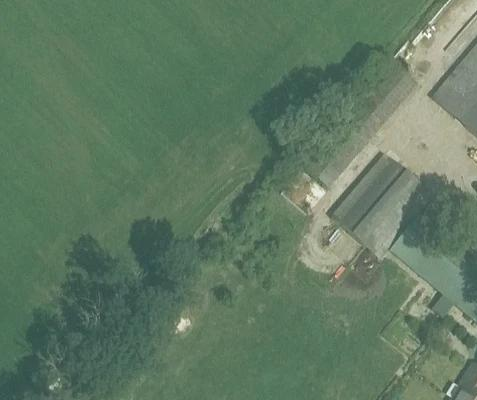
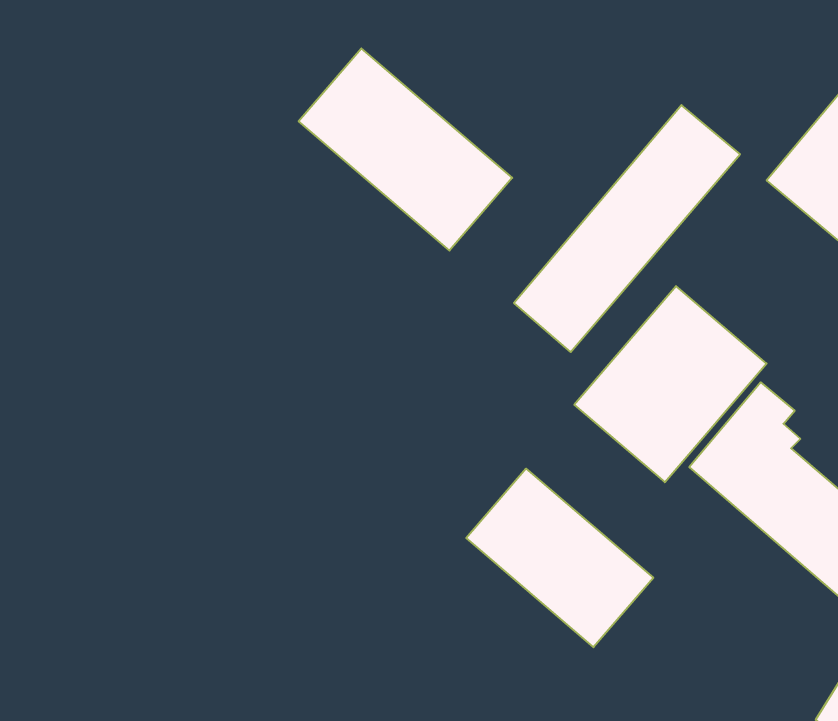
building: none -> [299,48,512,251]
building: none -> [466,469,653,647]

